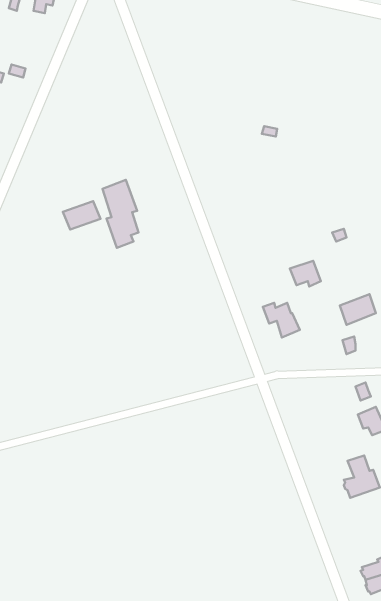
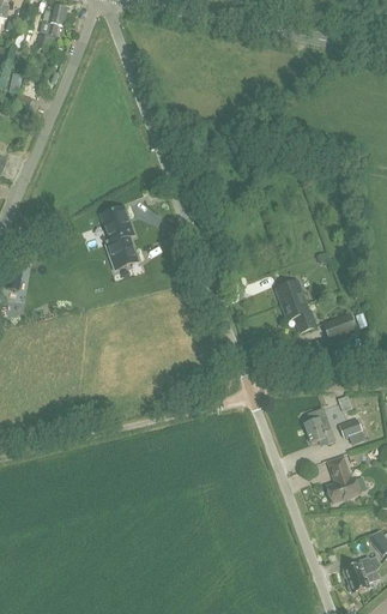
building: [63,201,100,229] -> none
building: [263,303,300,337] -> [282,300,316,332]
building: none -> [304,407,334,444]

